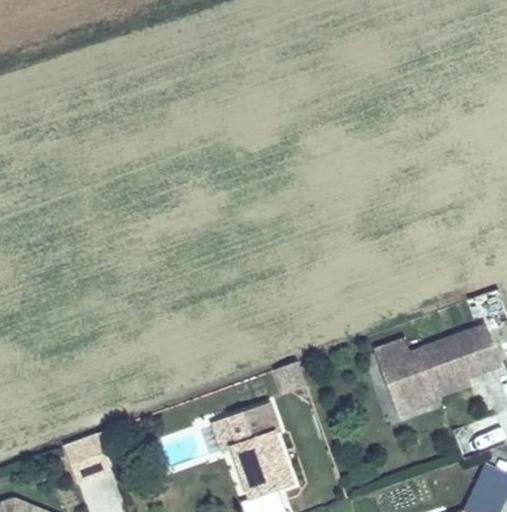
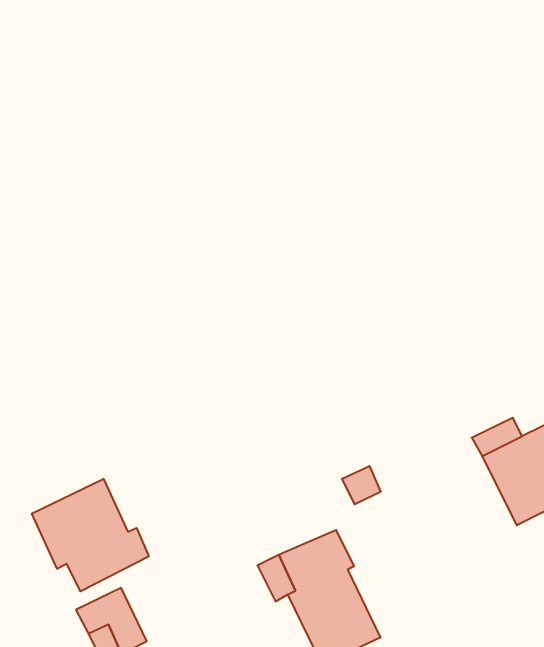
building: none -> [32,479,149,591]

